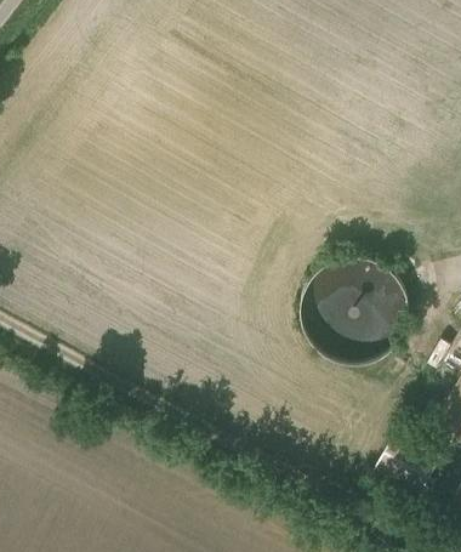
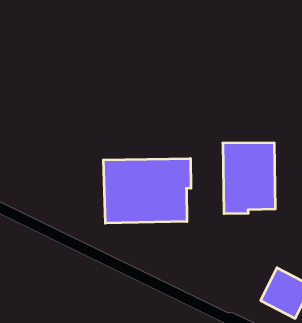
building: none -> [103,158,191,223]

